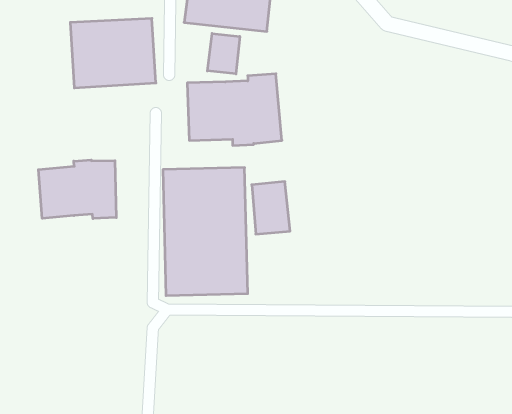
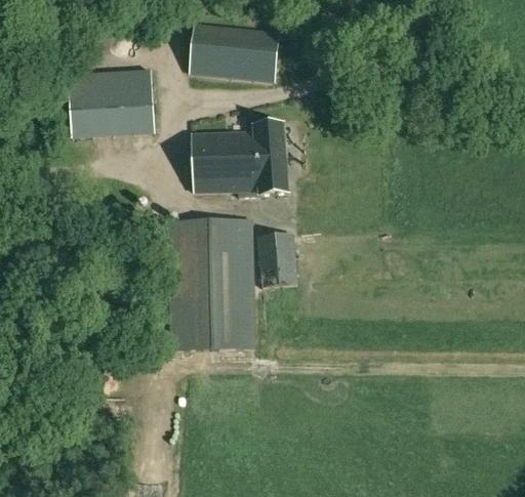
building: [207,33,240,74] -> none
building: [38,160,116,219] -> none

